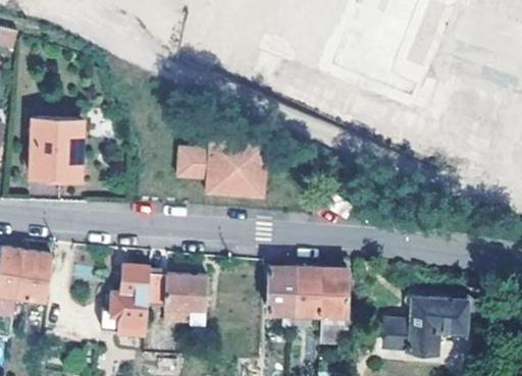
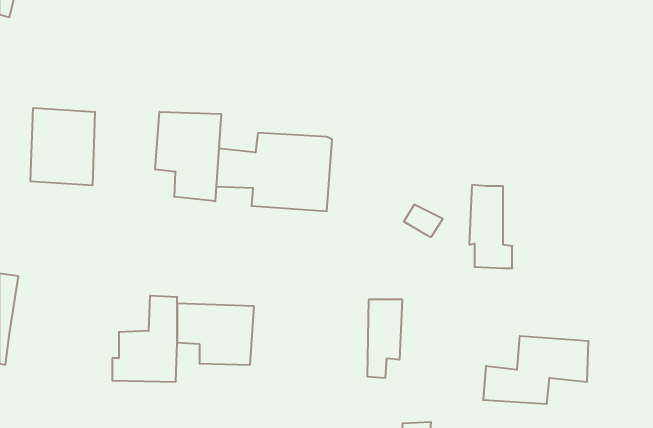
building: none -> [155,112,221,201]
building: [14,250,50,300] -> none
building: [267,265,296,328] -> none
building: [320,268,354,333] -> [469,185,512,268]

